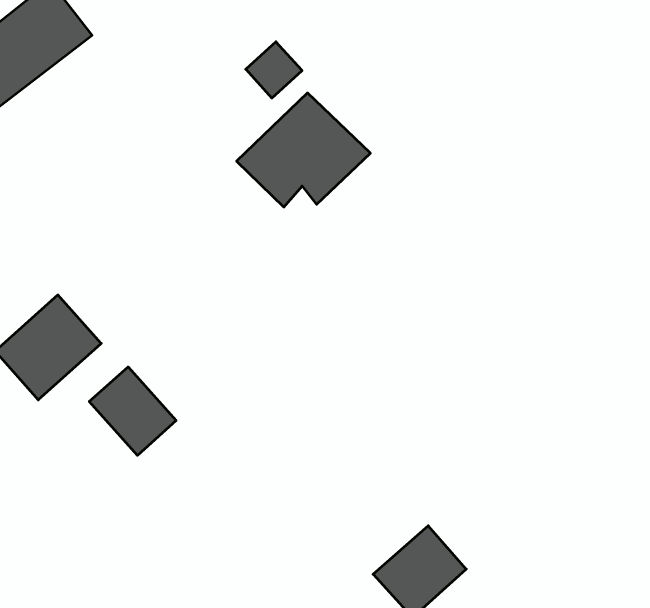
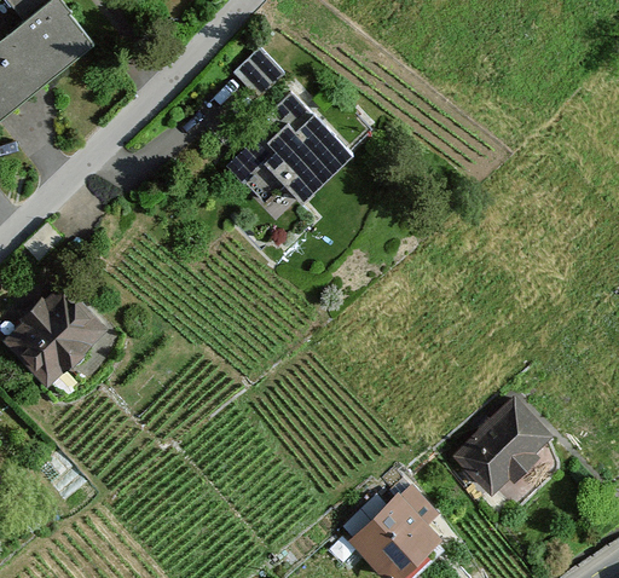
building: [89,367,176,455] -> none
building: none -> [456,399,553,495]

